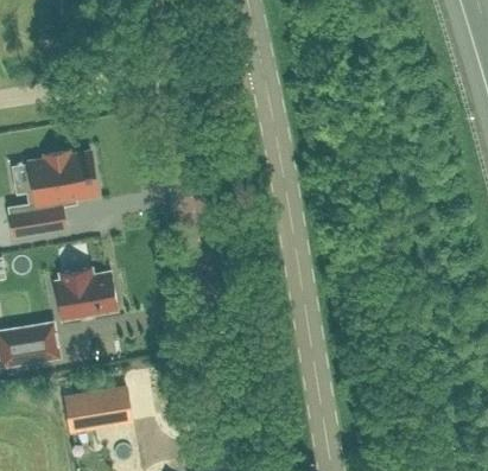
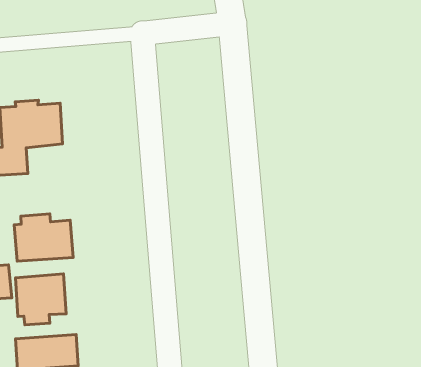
building: none -> [15,274,66,325]

